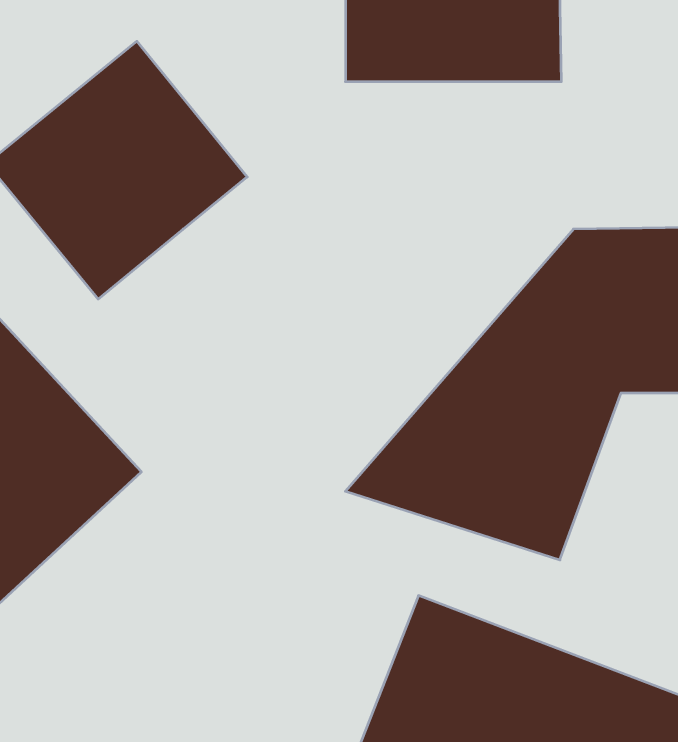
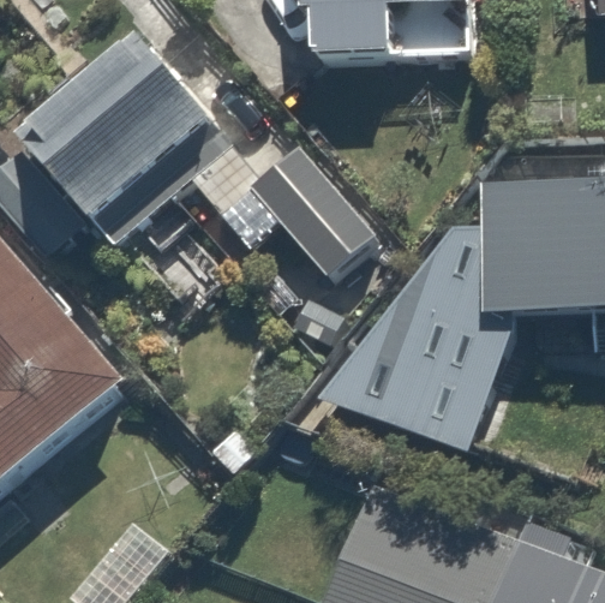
building: none -> [178,142,373,287]

